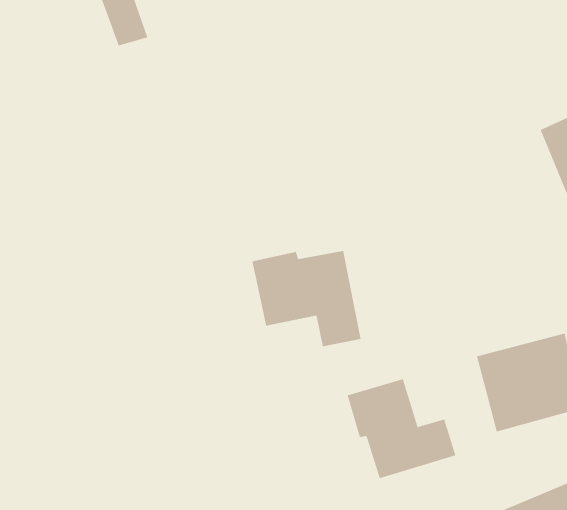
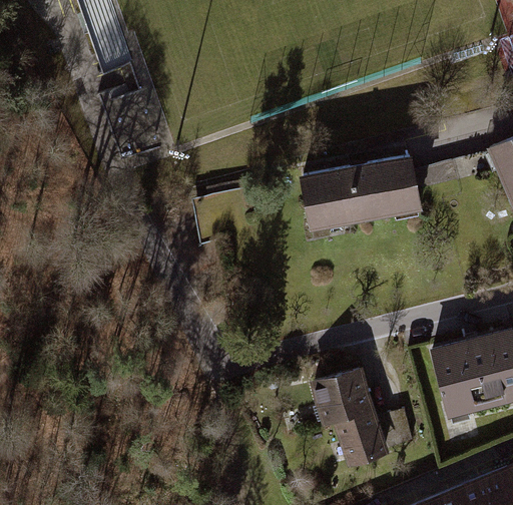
building: none -> [309,156,431,237]
building: [252,250,361,347] -> none

